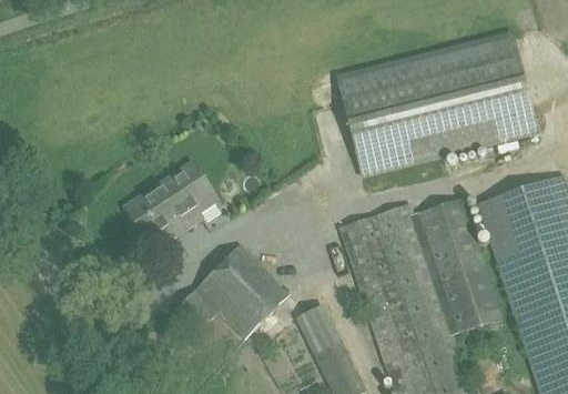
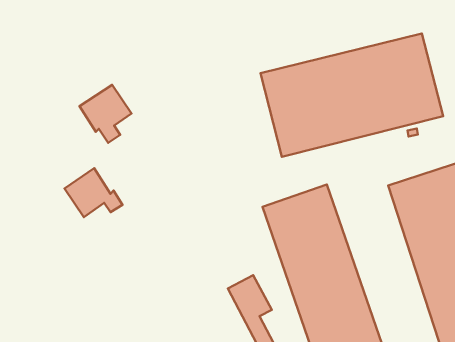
building: [158,162,214,225] -> [79,85,132,143]
building: [420,196,506,331] -> none
building: [174,243,290,337] -> none

